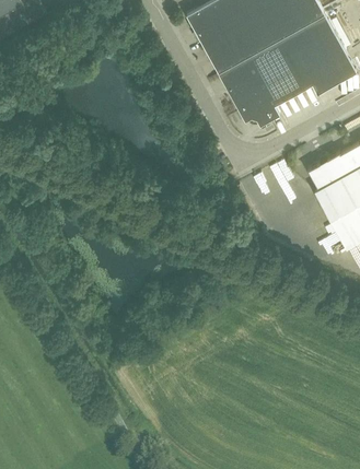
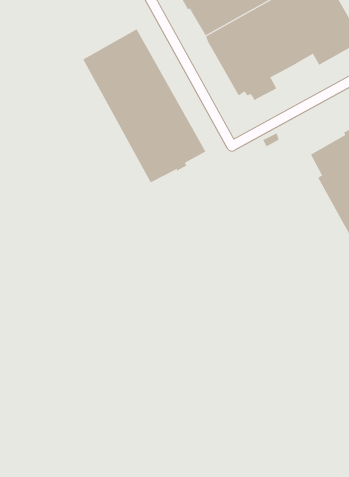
building: none -> [83,28,206,183]

